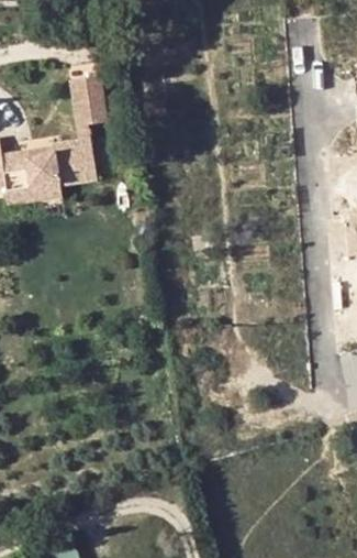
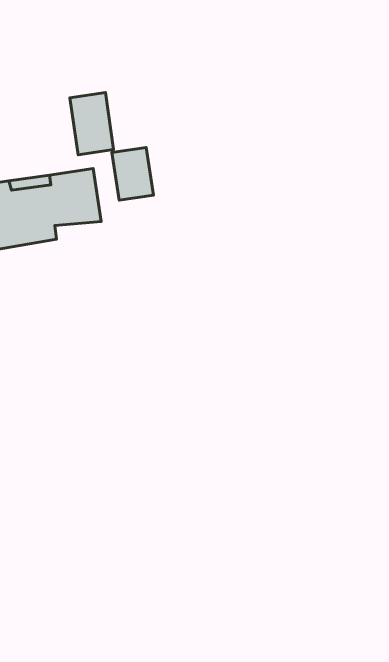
building: none -> [112,147,153,200]

